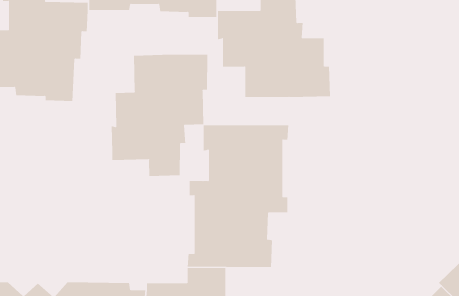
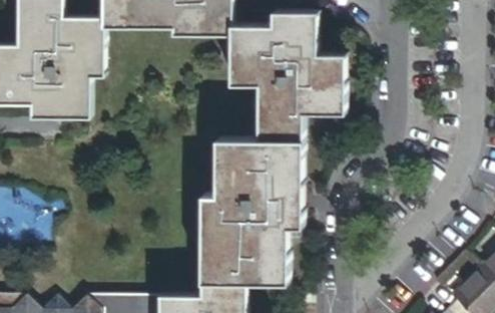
building: [111,54,208,177] -> none
building: none -> [259,113,303,140]

